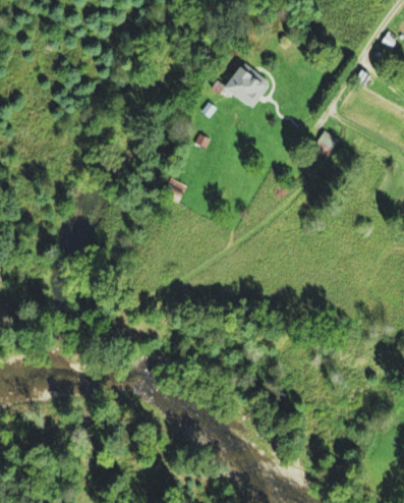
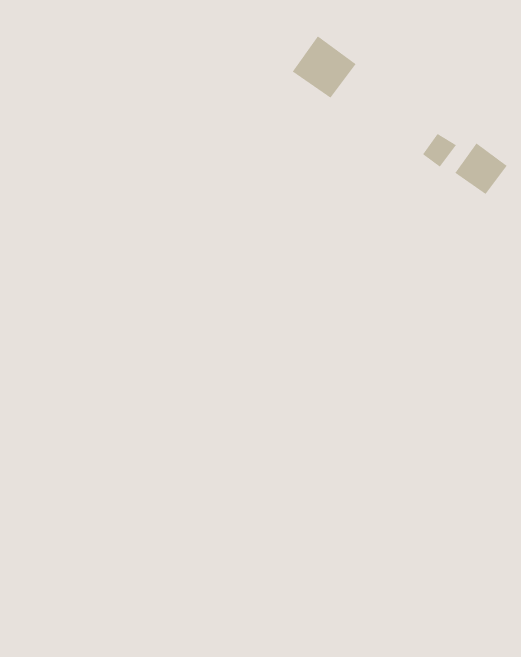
building: none -> [455,142,508,195]

